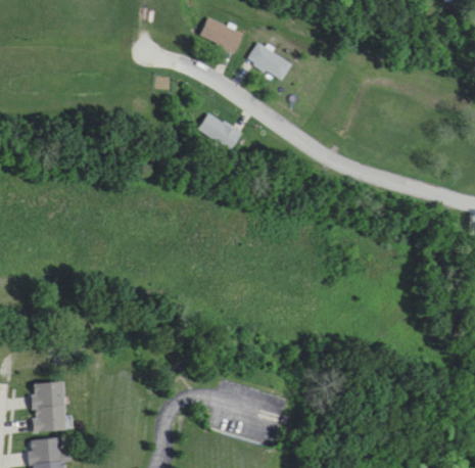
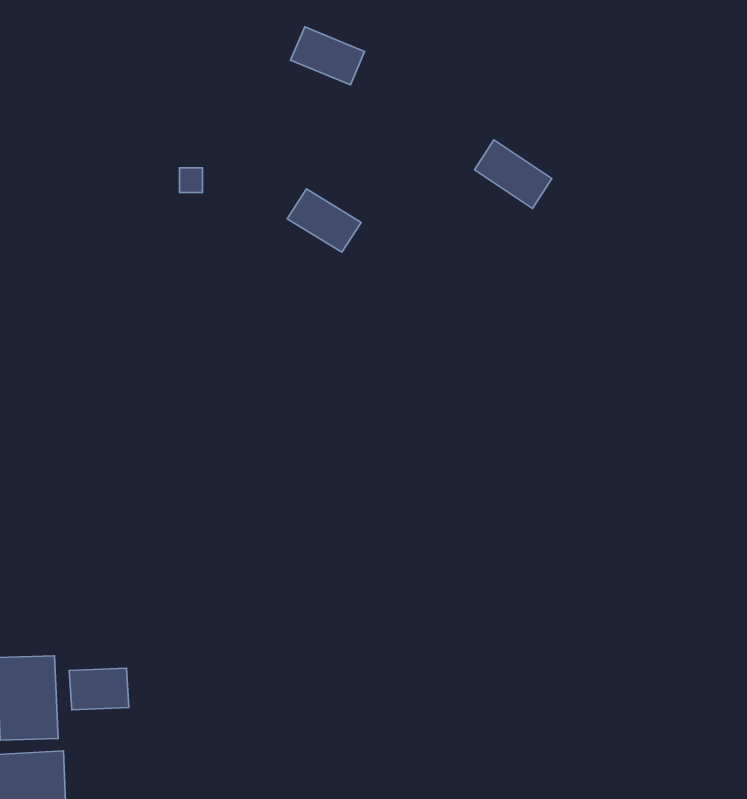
building: [246,42,291,82] -> [474,140,552,208]
building: none -> [69,668,129,710]

